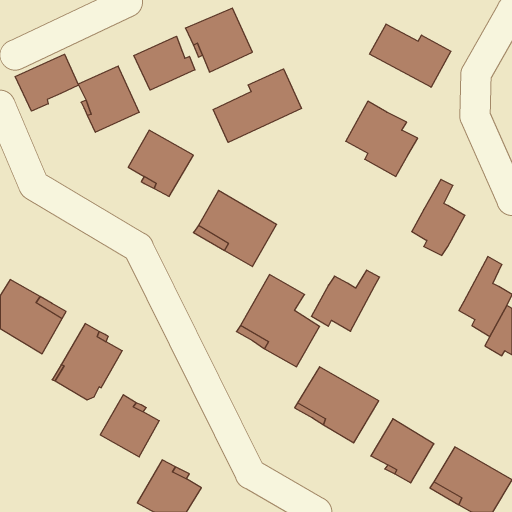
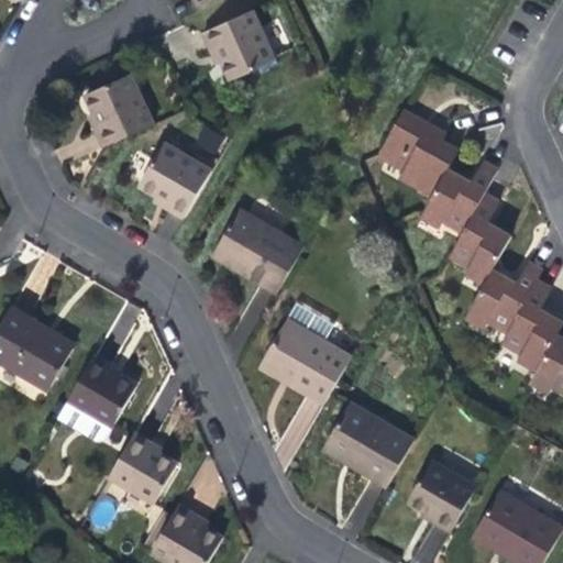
building: [370,24,451,87] -> none
building: [134,36,195,90] -> none
building: [15,54,79,111] -> none
building: [213,69,301,142] -> none
building: none -> [422,163,497,230]
building: [311,270,380,331] -> [466,264,541,331]

